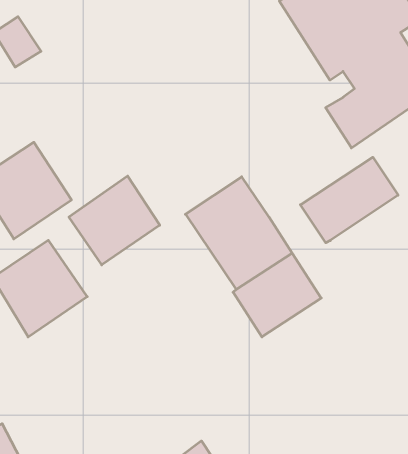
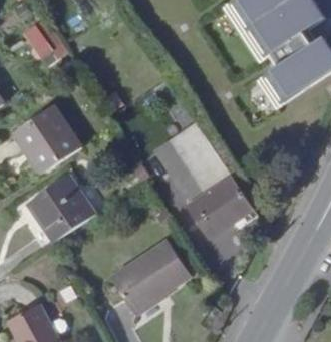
building: [300,157,398,243] -> none
building: [69,176,160,265] -> none
building: none -> [107,240,191,314]

